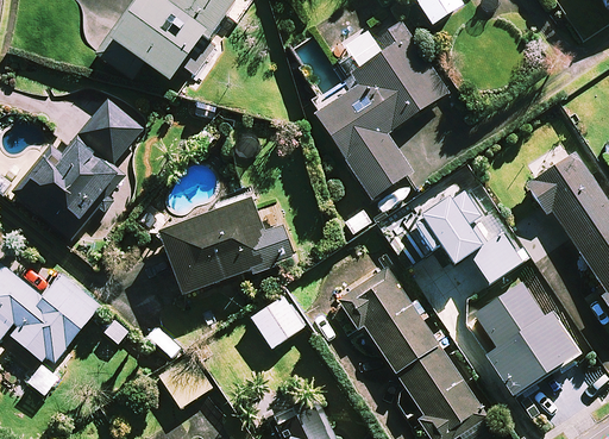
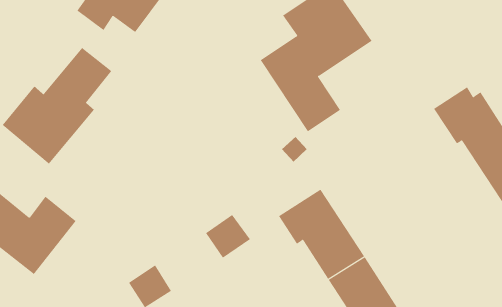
building: [413,187,525,282] -> none
building: [159,197,294,295] -> none
building: [473,282,578,395] -> none

